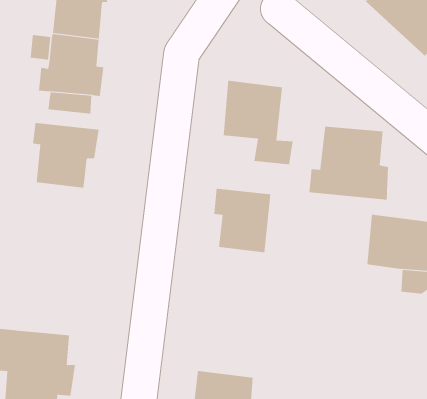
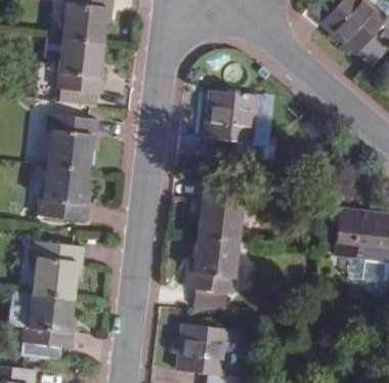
building: [309,126,389,201] -> none
building: none -> [30,173,89,228]
building: none -> [188,229,242,304]
building: none -> [26,252,84,306]

